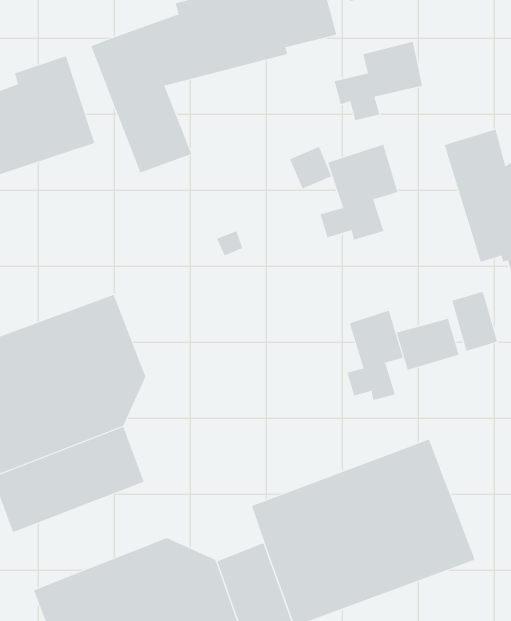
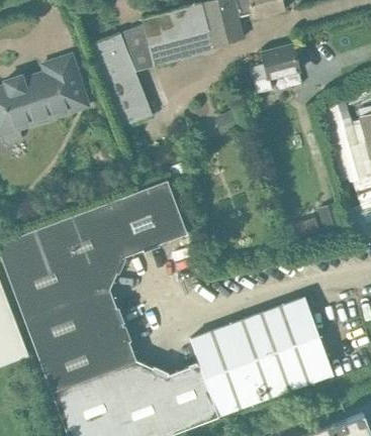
building: [320,144,398,241] -> none
building: none -> [103,181,186,257]
building: [347,310,403,401] -> none
building: none -> [38,324,136,393]

